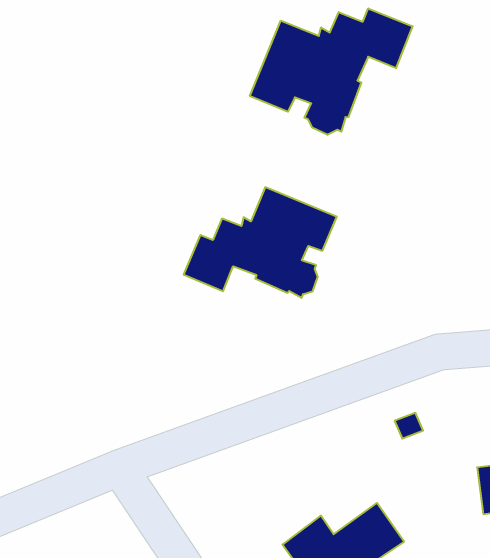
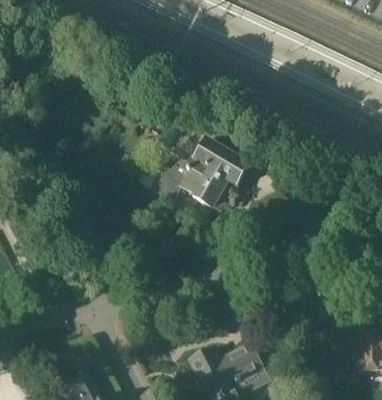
building: [250,8,413,135] -> none

